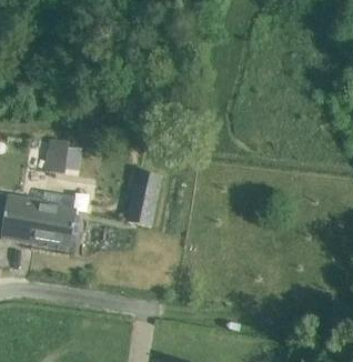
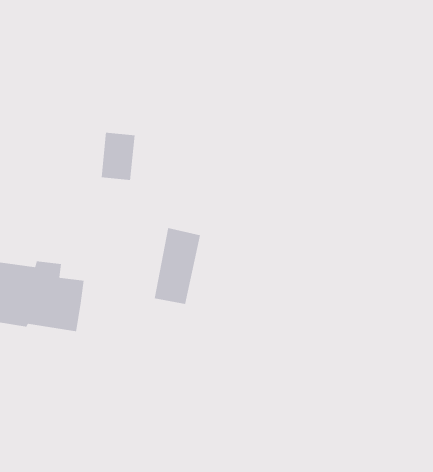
building: [44,137,70,172] -> [101,132,136,181]

